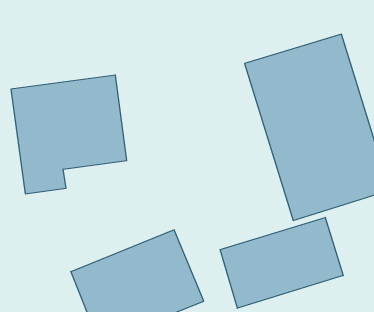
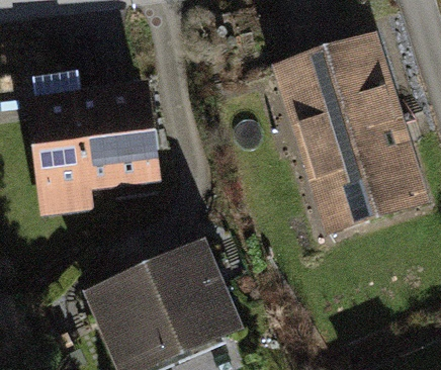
building: [220,217,343,308] -> none

